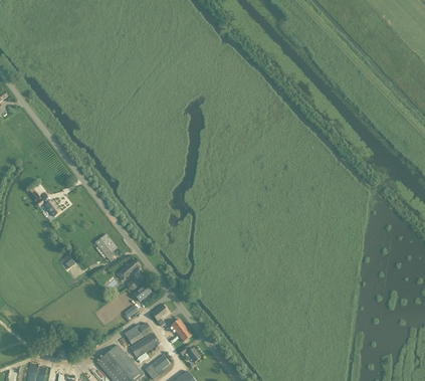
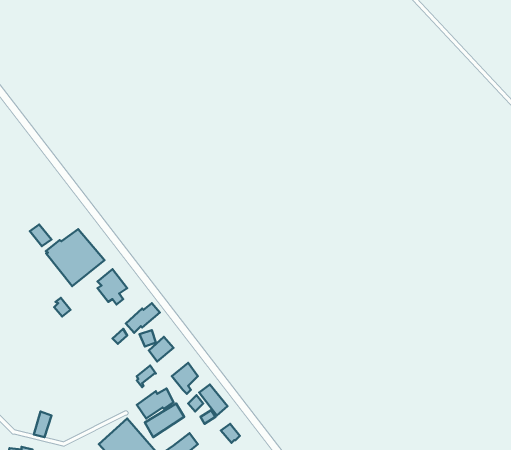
building: none -> [46,229,105,286]

